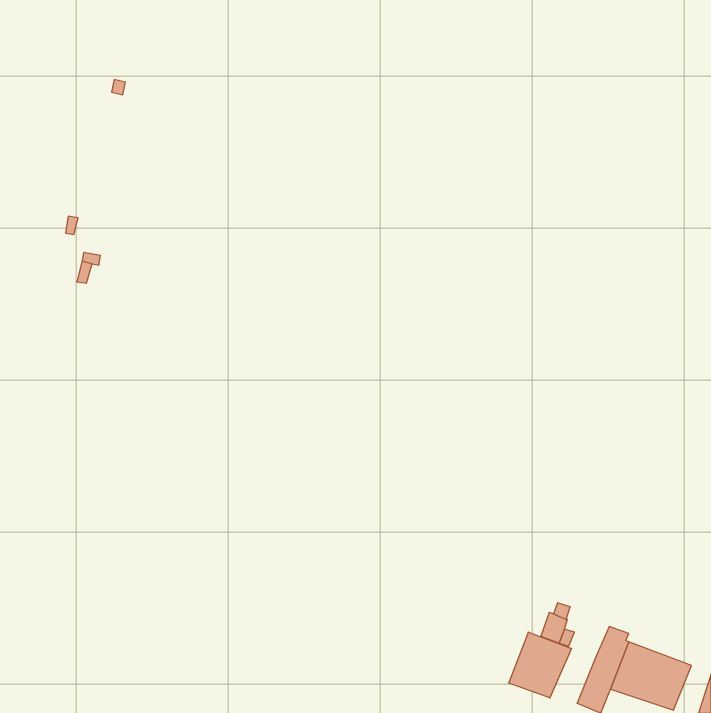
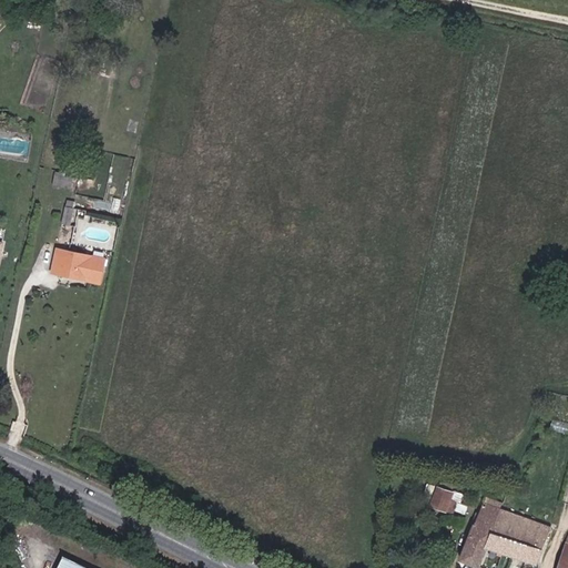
building: none -> [51,250,103,283]
building: [509,632,571,698] -> none

